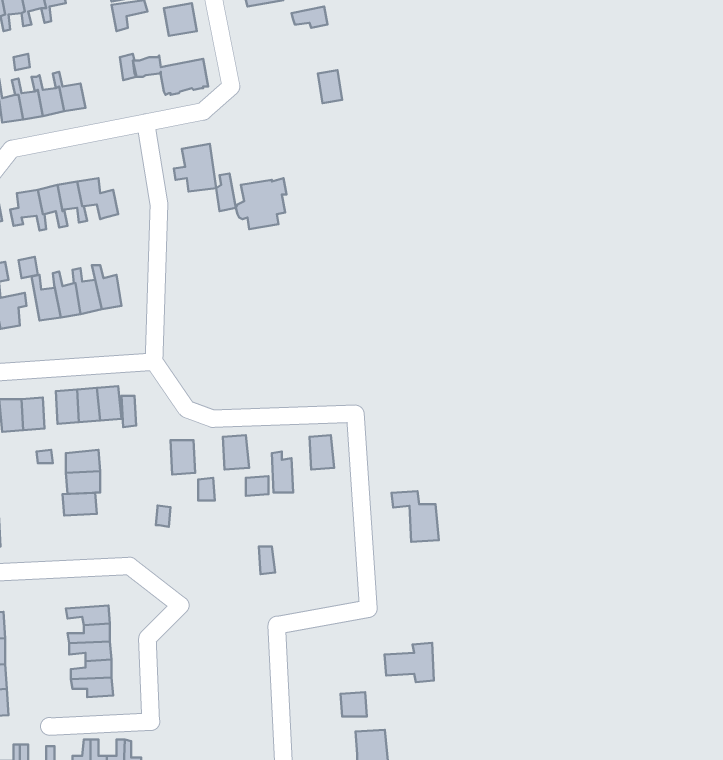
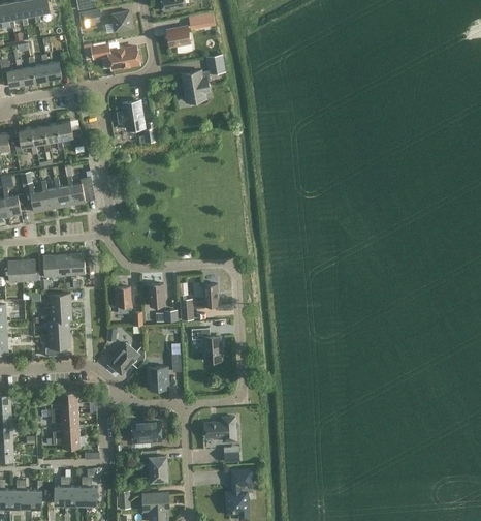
building: none -> [165,26,191,52]
building: [236,178,287,229] -> [178,69,210,101]
building: [391,491,439,542] -> [191,328,221,360]
building: none -> [44,333,69,356]
building: none -> [107,342,143,374]
building: none -> [146,365,166,389]
building: [385,643,434,682] -> [203,416,234,440]
building: none -> [130,421,159,440]
building: none -> [139,450,166,479]

